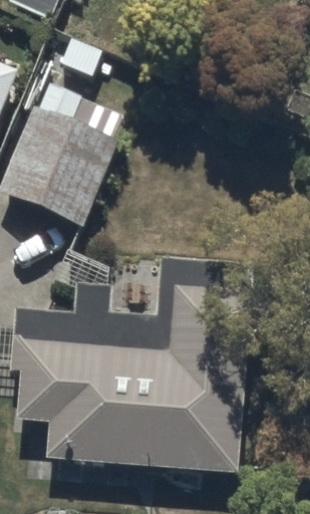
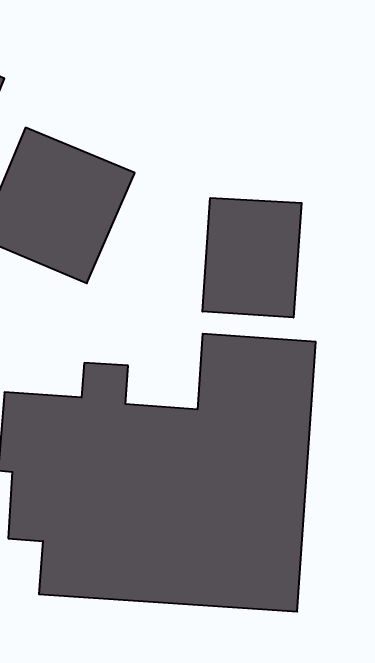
building: none -> [202,198,302,318]

